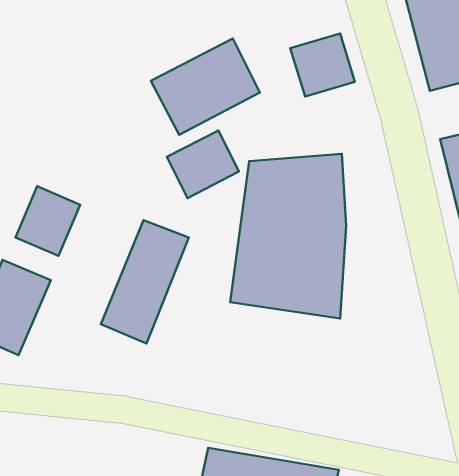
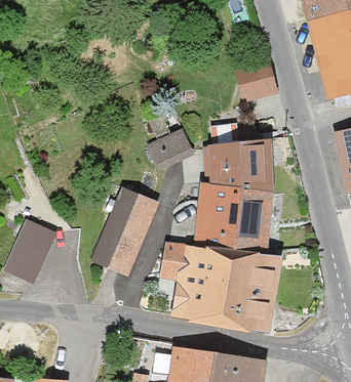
building: [151,38,260,135] -> none
building: [15,186,80,256] -> none
building: none -> [167,243,276,332]

